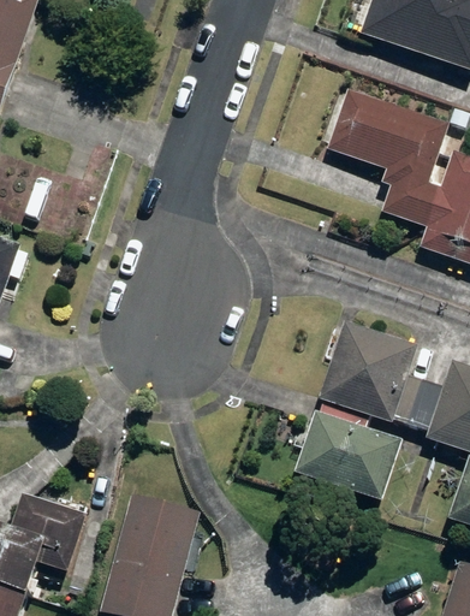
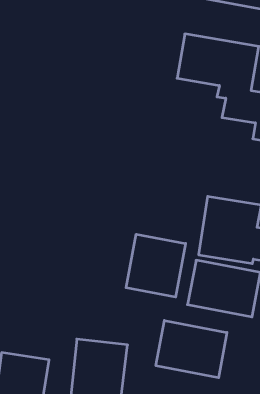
building: none -> [126,234,186,297]
building: none -> [156,320,227,378]

